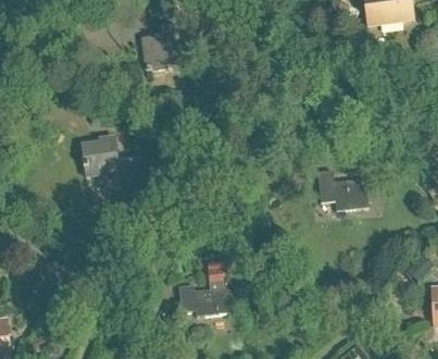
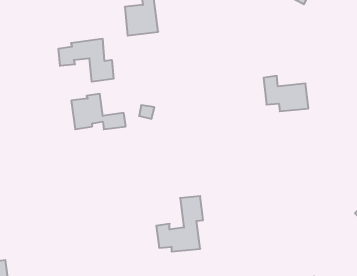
building: none -> [59,39,114,82]
building: [317,169,368,209] -> [264,76,308,111]

